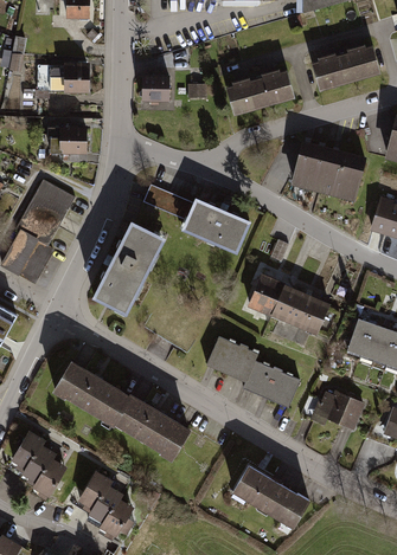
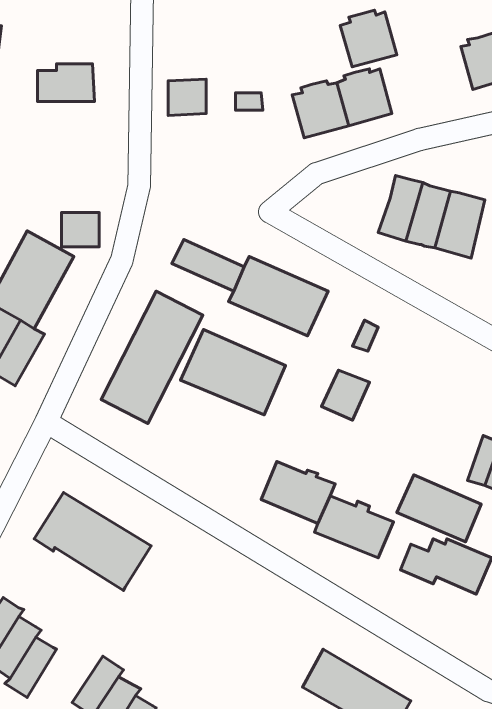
building: [313,51,352,90] -> [340,10,397,67]
building: [62,129,88,153] -> [61,213,99,247]
building: none -> [181,330,286,415]
building: [269,283,327,329] -> [397,475,481,542]
building: [113,394,191,459] -> none

